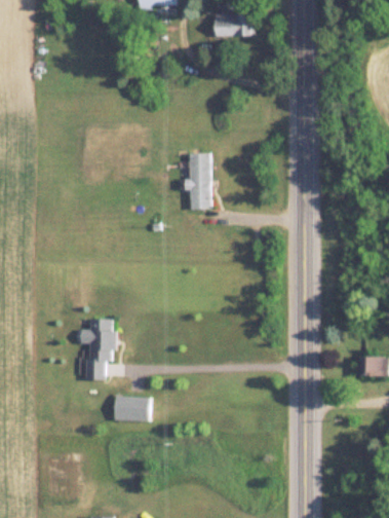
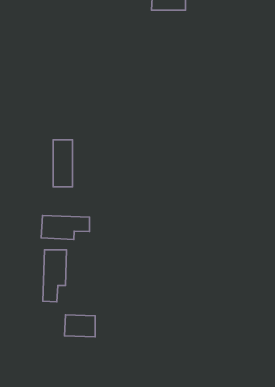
building: [188,153,210,209] -> [53,140,72,187]
building: none -> [41,215,89,239]

